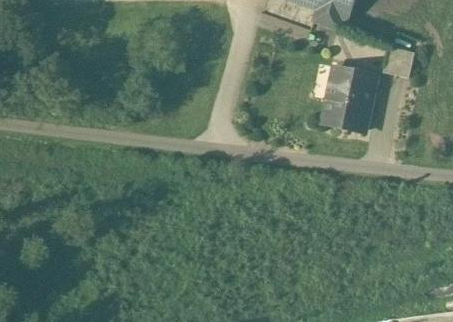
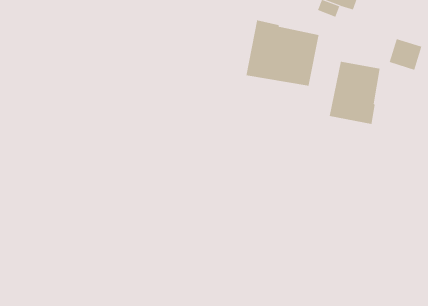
building: none -> [246,19,319,87]

